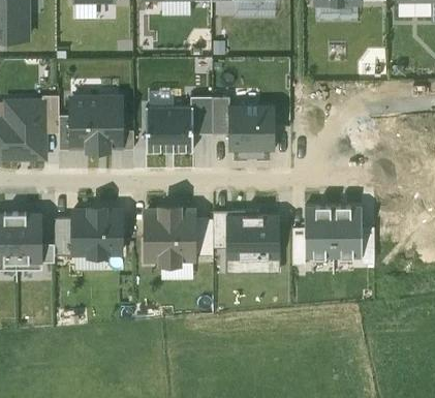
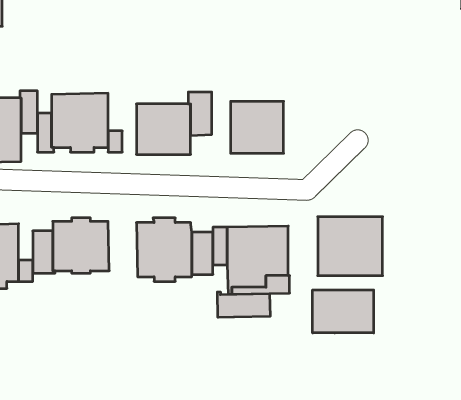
building: [212,96,230,133] -> none
building: none -> [313,290,374,333]
building: none -> [217,292,270,317]

